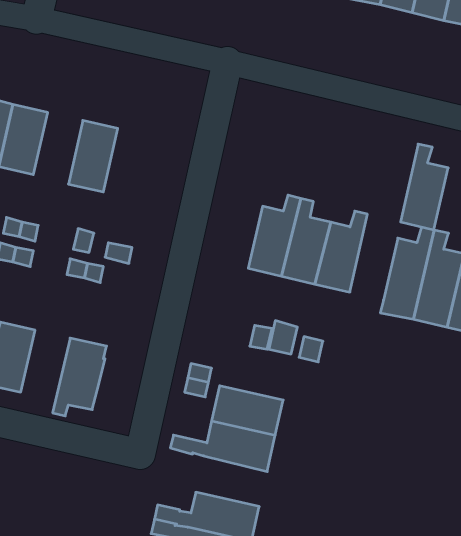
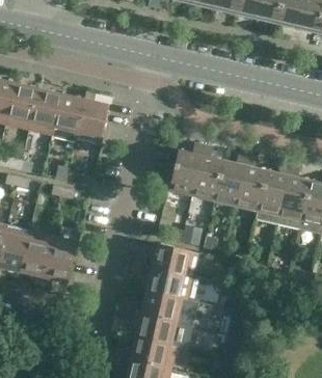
building: none -> [30,88,62,135]
building: none -> [76,90,110,145]
building: [401,144,448,230] -> [237,155,268,211]
building: none -> [22,231,54,285]
building: none -> [152,243,198,276]
building: none -> [117,307,183,346]

